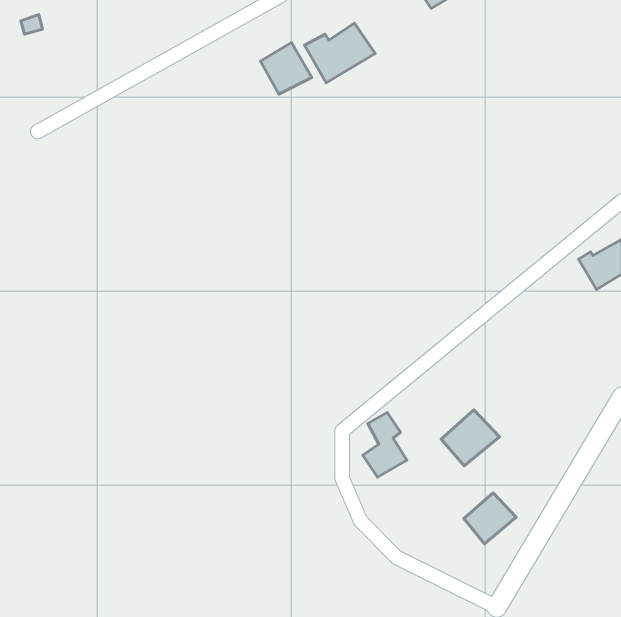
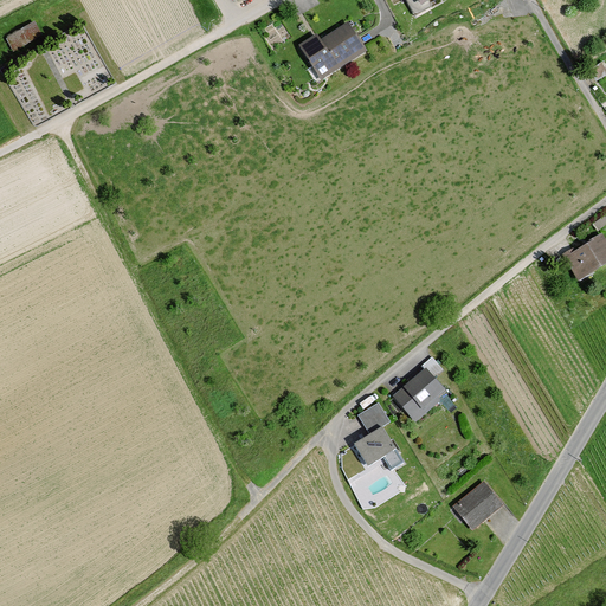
building: [261,42,312,94] -> none
building: [441,410,500,466] -> [393,366,450,420]

